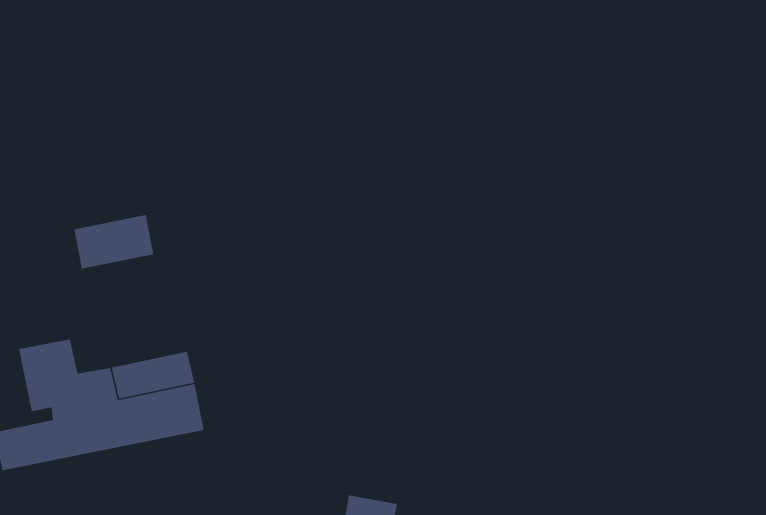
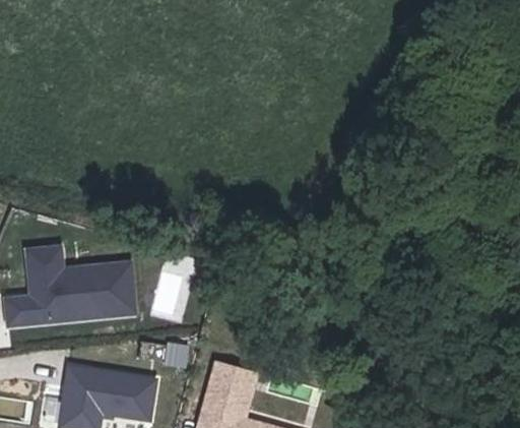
building: [73,214,154,269] -> none

